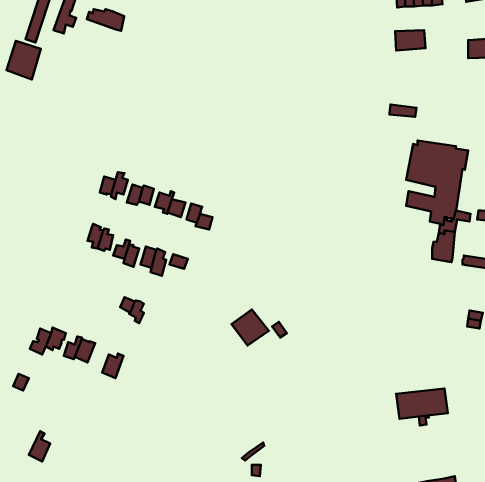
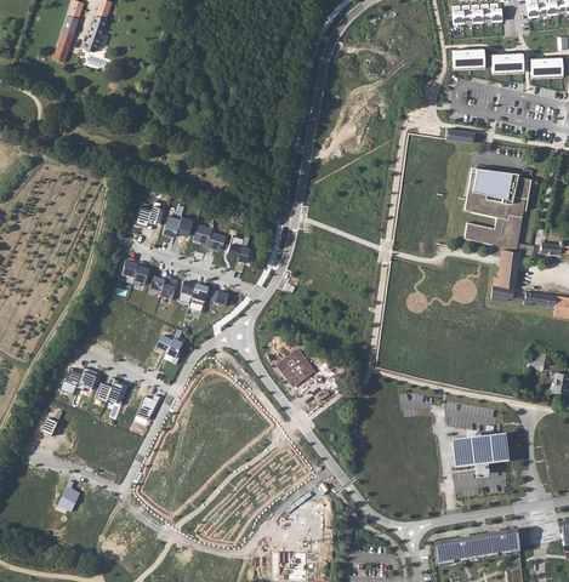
building: [87,9,124,31] -> none
building: none -> [490,52,523,73]
building: [7,41,41,79] -> none

